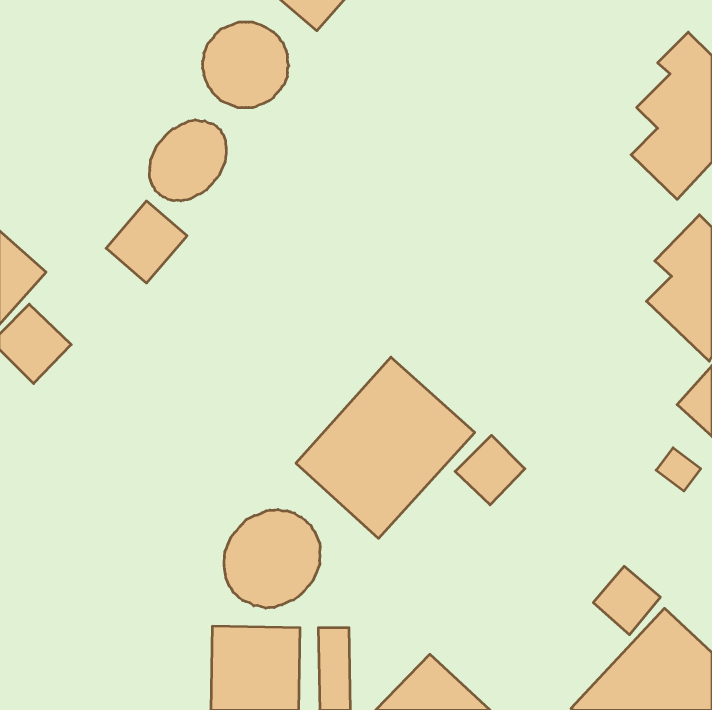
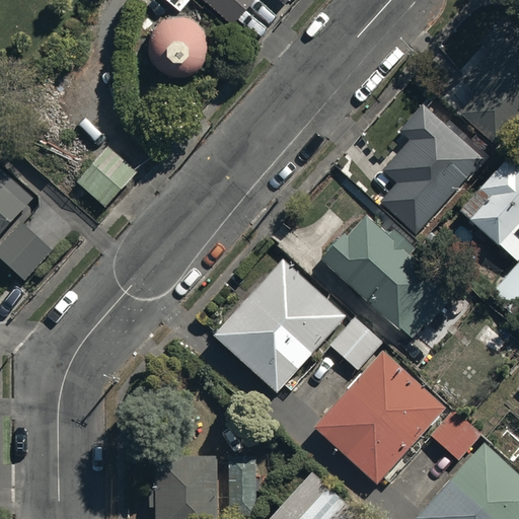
building: [149,120,226,201] -> none
building: none -> [380,100,484,232]
building: none -> [319,220,453,341]
building: none -> [315,356,445,487]
building: [224,509,320,608] -> none

